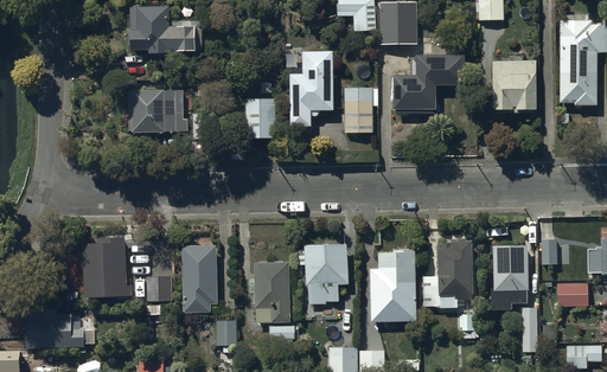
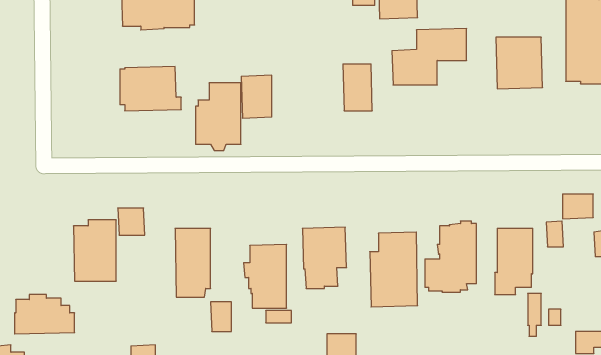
building: [289,51,333,116] -> [196,83,241,150]
building: [146,275,172,301] -> [118,208,145,235]
building: [557,282,587,306] -> [563,194,593,219]

